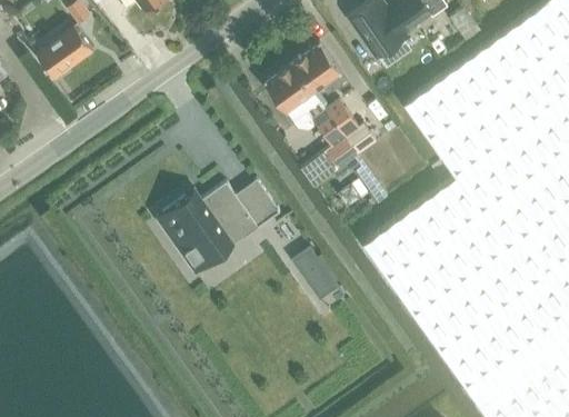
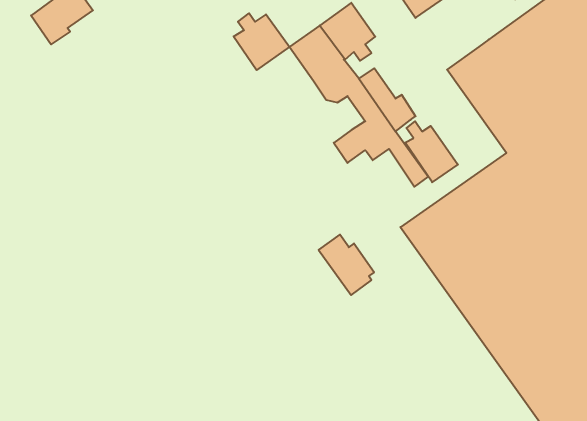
building: none -> [234,13,290,70]
building: none -> [405,121,458,182]
building: [156,181,279,272] -> none

